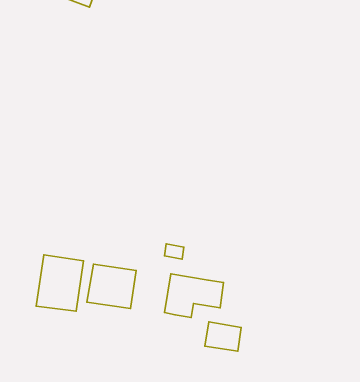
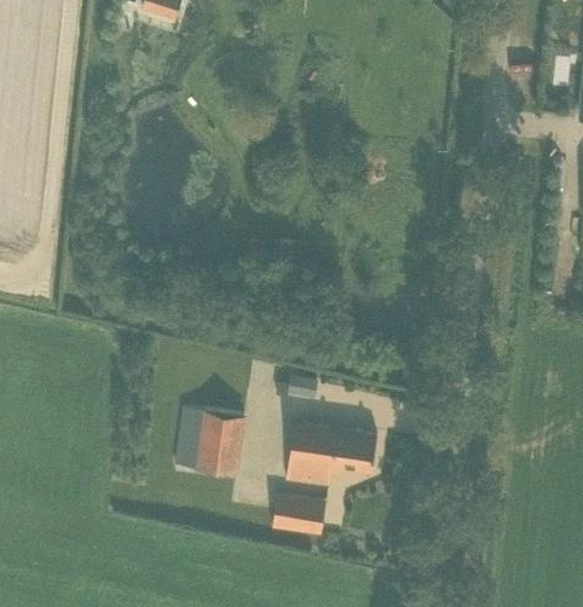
building: [36,255,84,311] -> none
building: [205,322,241,351] -> [271,492,325,536]

